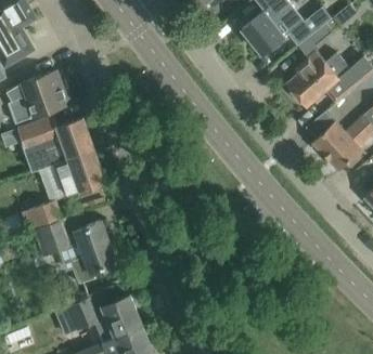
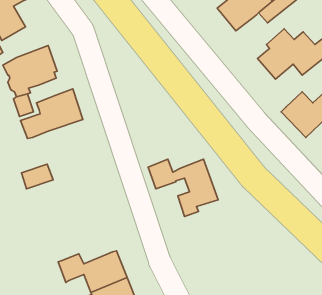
building: [55,152,106,197] -> none
building: [40,221,117,284] -> [148,159,218,217]

